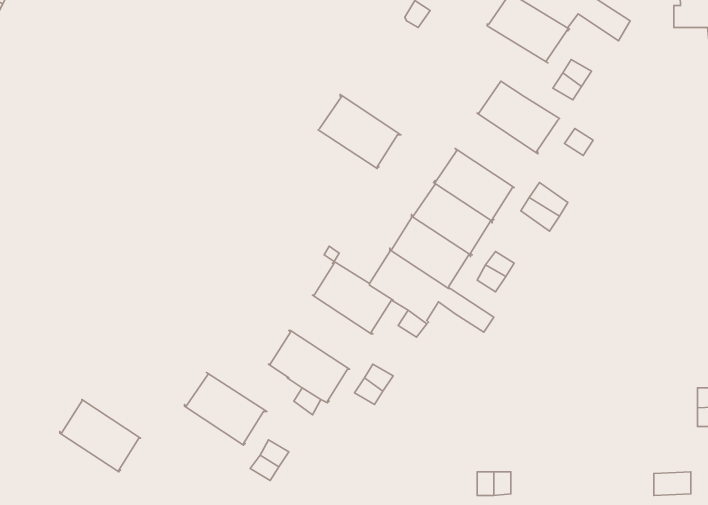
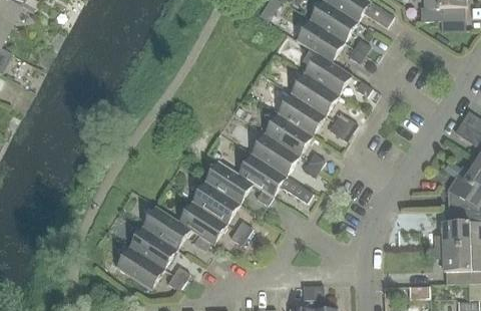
building: none -> [297,19,346,61]
building: [318,95,401,169] -> [291,71,340,115]
building: none -> [192,180,241,224]
building: none -> [142,205,191,249]
building: [60,400,141,472] -> [116,246,164,289]

